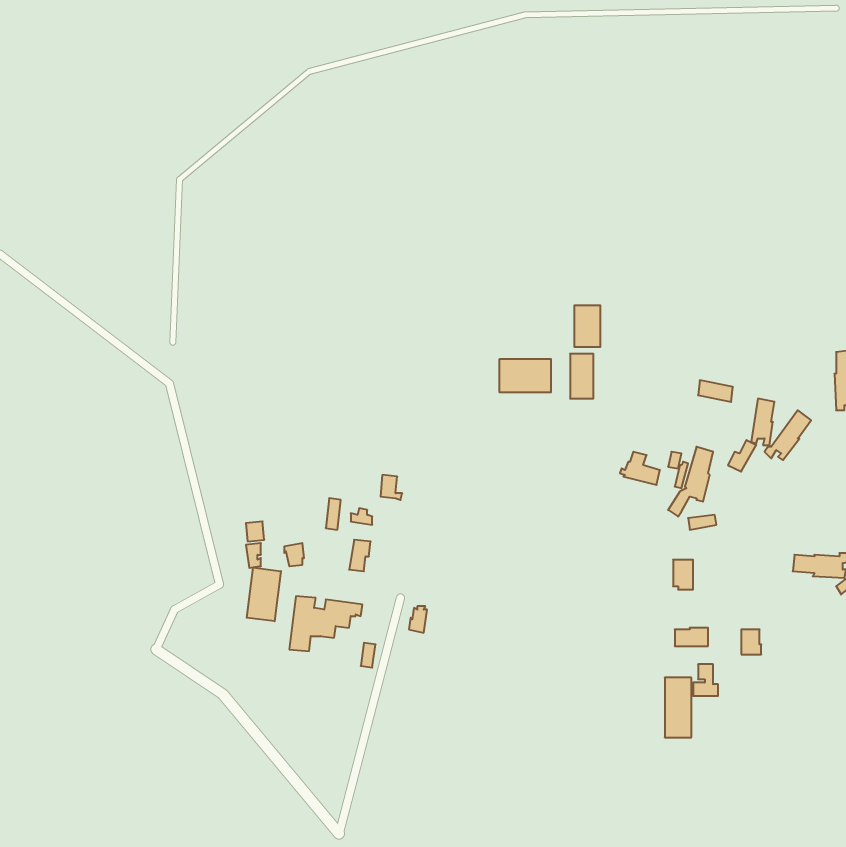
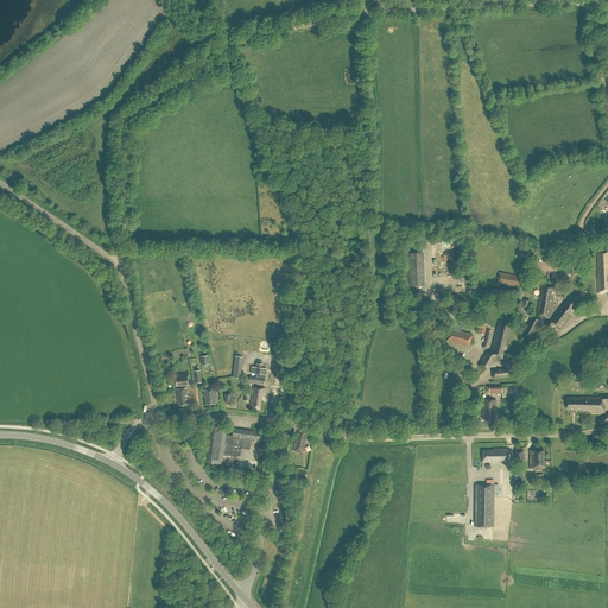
building: [574,305,600,347] -> none
building: [500,359,551,392] -> none
building: [247,568,281,621] -> none

